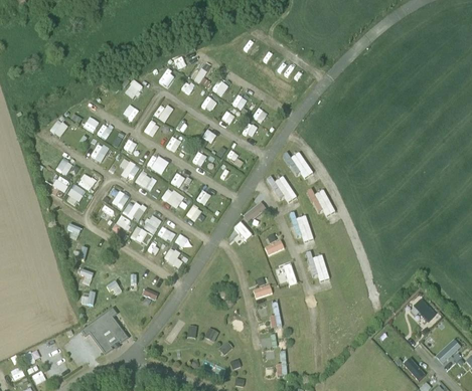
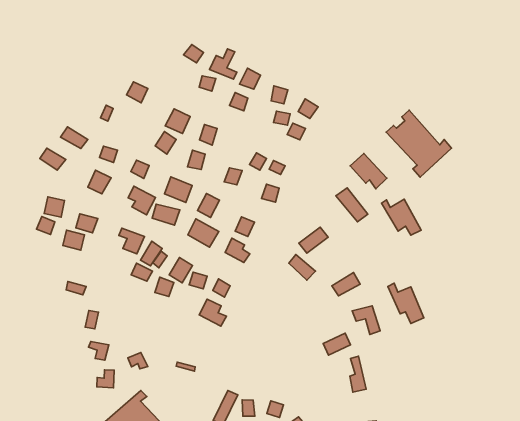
building: none -> [386,110,452,177]
building: [289,212,313,242] -> none

